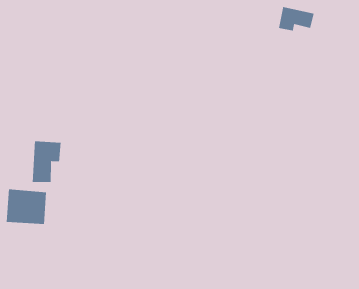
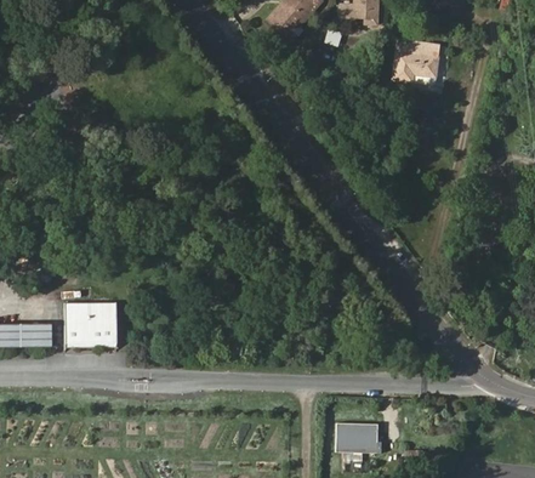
building: [32,141,61,183] -> none

